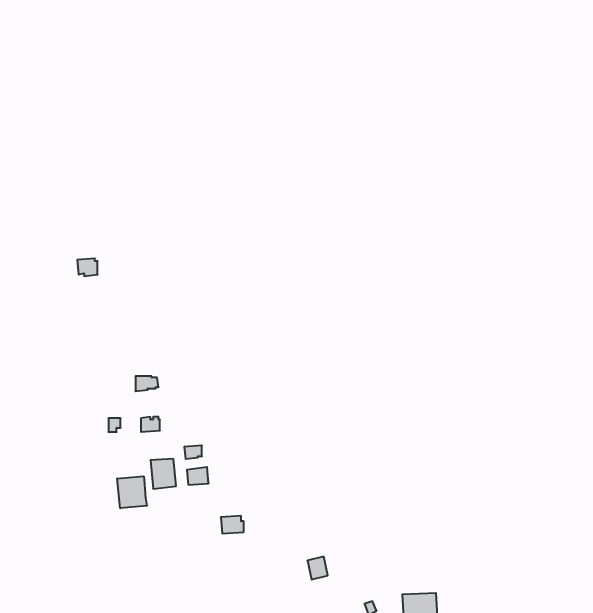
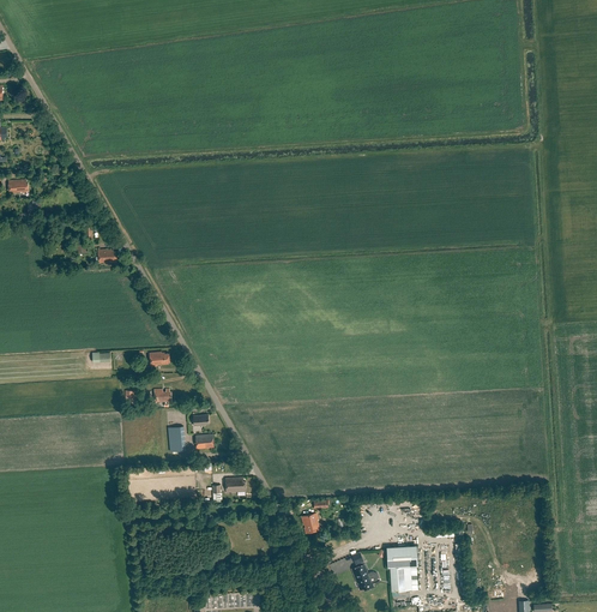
building: [117,476,147,508] -> none

